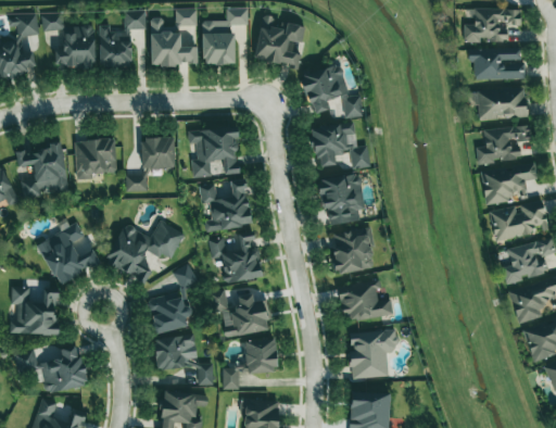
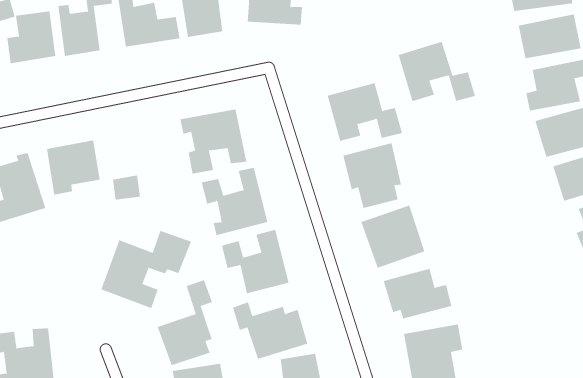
building: [303,67,363,118] -> [398,41,476,102]
building: [140,138,175,169] -> none
building: [37,224,100,285] -> none

